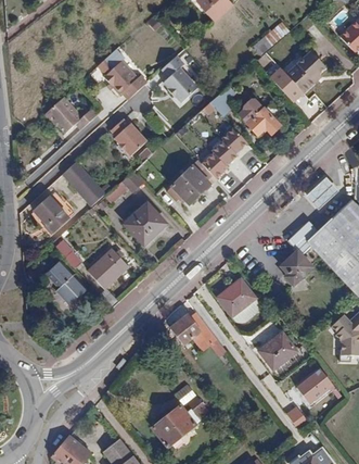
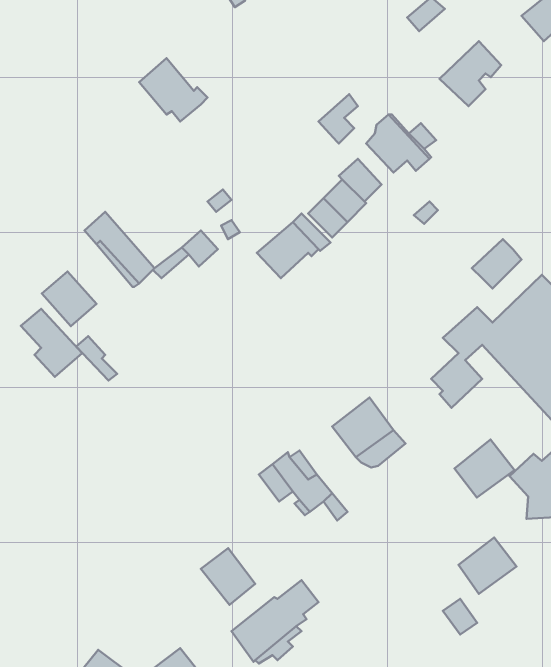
building: [156,55,193,103] -> none
building: [271,66,304,101] -> none
building: [39,101,89,135] -> none
building: [110,121,145,158] -> none
building: [124,204,165,243] -> none
building: [88,250,128,288] -> none
building: [47,260,86,303] -> [21,309,82,377]
building: [259,331,297,368] -> [455,440,514,498]
building: none -> [201,548,255,605]

